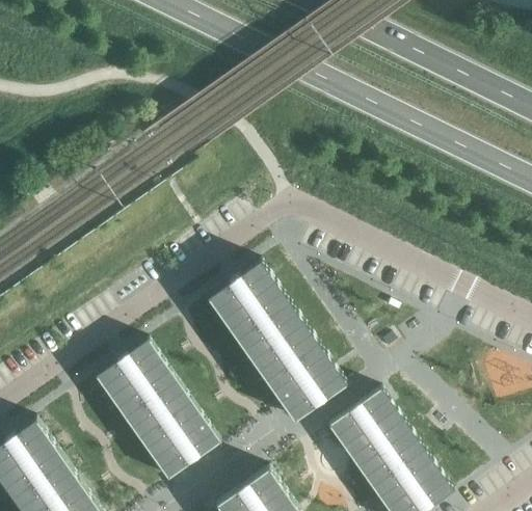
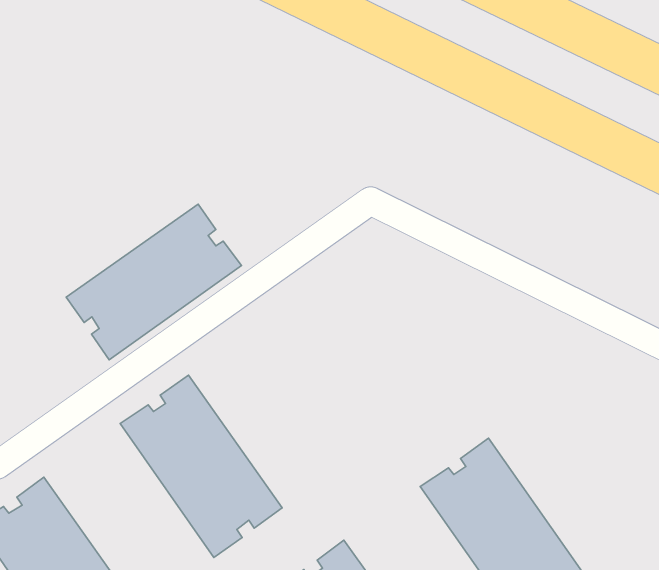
building: none -> [66,204,241,360]
building: [208,262,348,423] -> none

